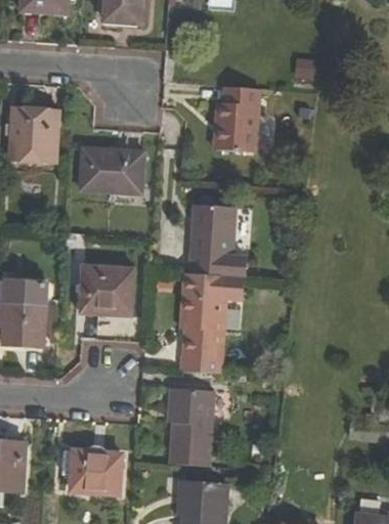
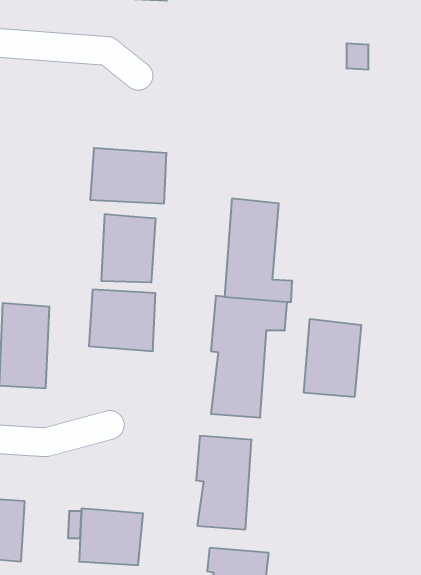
building: [213,86,259,152] -> none
building: [9,108,59,163] -> none
building: none -> [102,214,155,283]
building: none -> [304,319,361,397]

